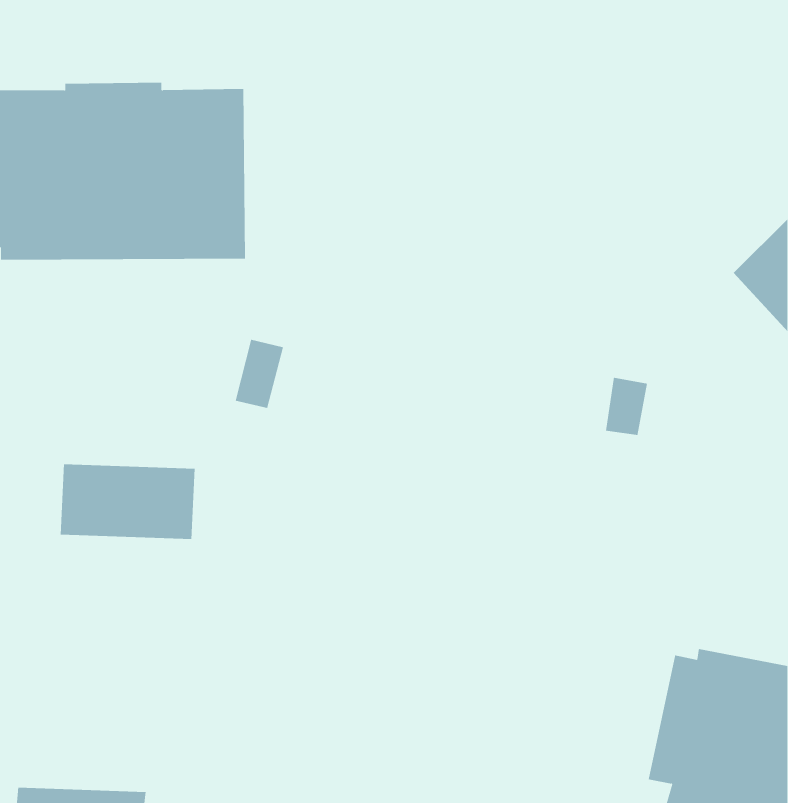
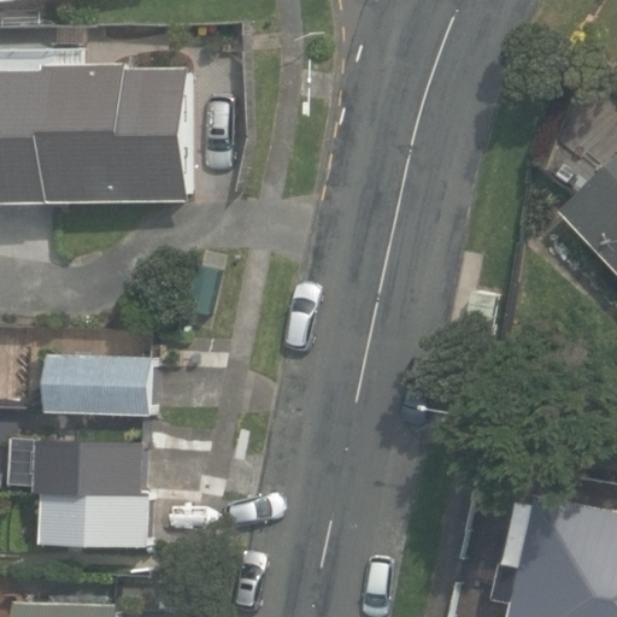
building: none -> [36,440,146,547]

